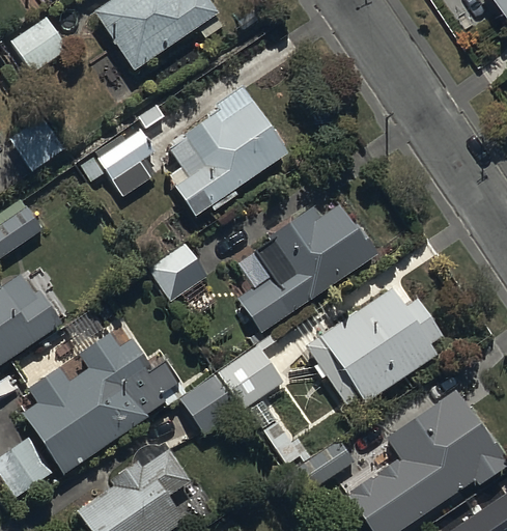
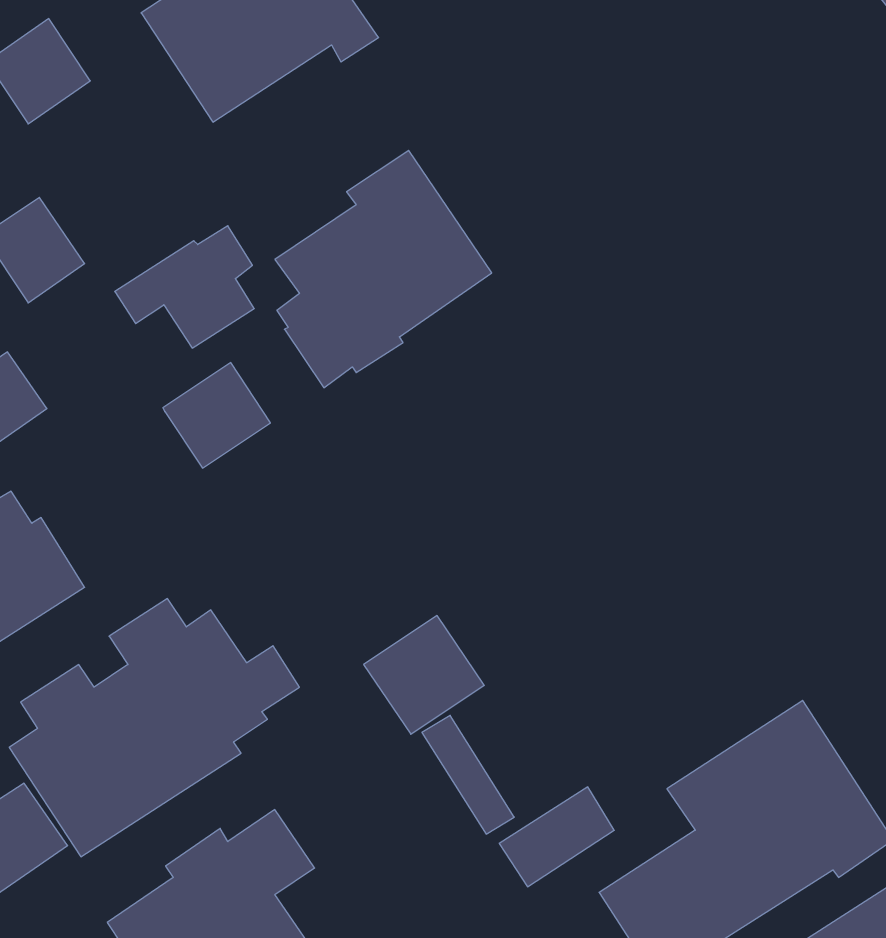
building: [236,204,376,334] -> none
building: [148,242,207,300] -> [163,363,270,468]
building: [305,289,443,406] -> none
building: [179,374,237,434] -> none

